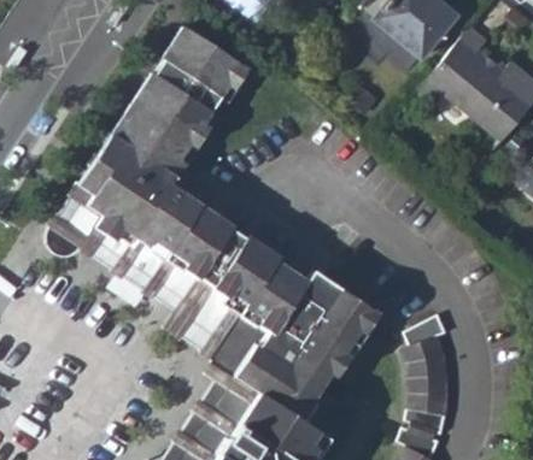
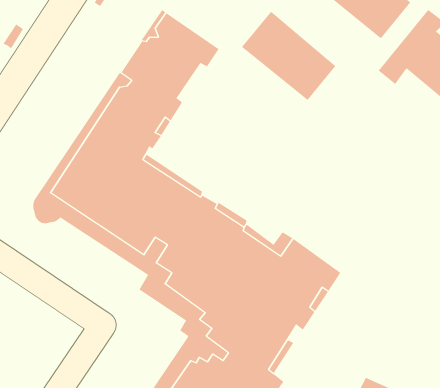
building: none -> [241,11,336,101]
building: [406,313,452,431] -> none

